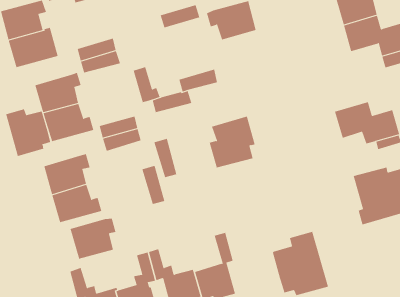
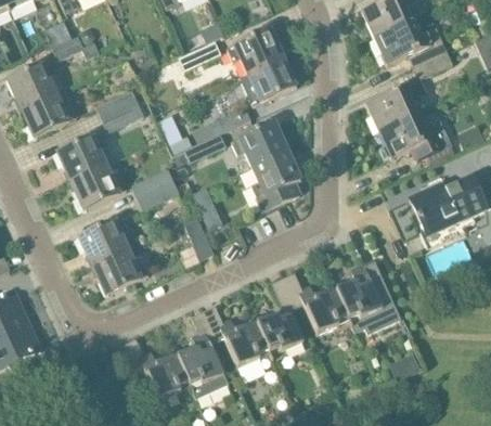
building: none -> [245,56,295,104]
building: none -> [364,76,426,130]
building: none -> [230,120,286,166]
building: [6,108,51,157] -> none
building: [70,218,116,260] -> none
building: none -> [282,271,346,333]

